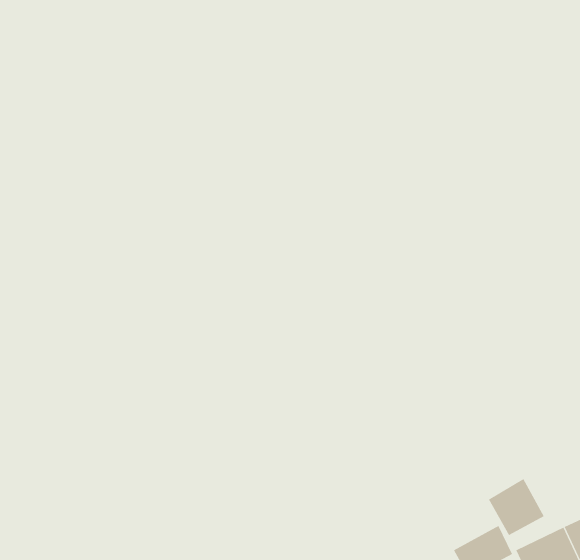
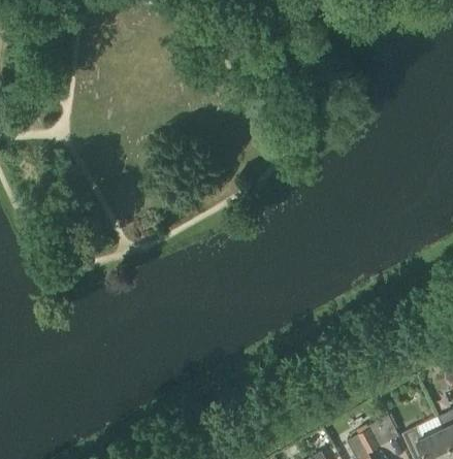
building: [488,478,545,536] -> none

